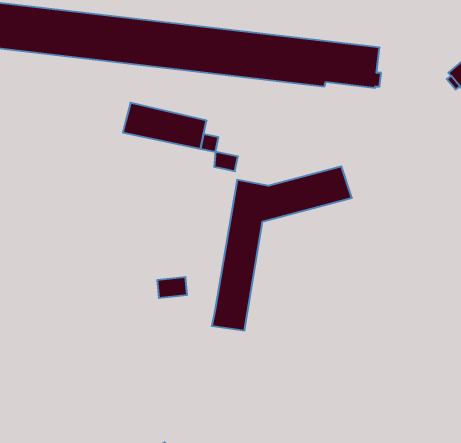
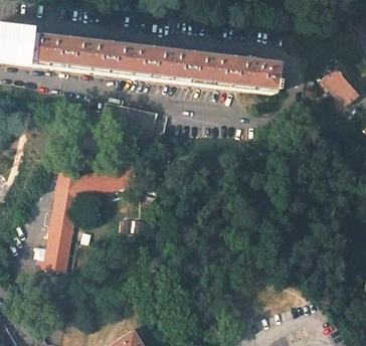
building: [212,167,352,330] -> [45,160,140,271]

